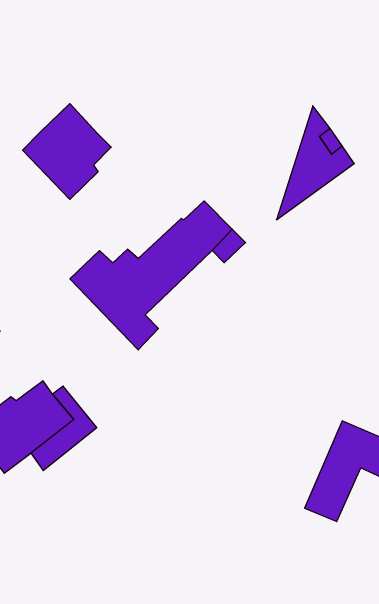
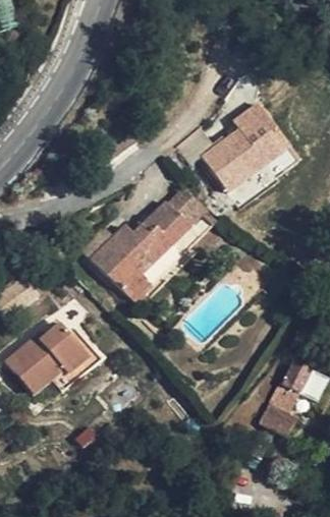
building: none -> [202,104,266,204]
building: [23,104,111,199] -> none

